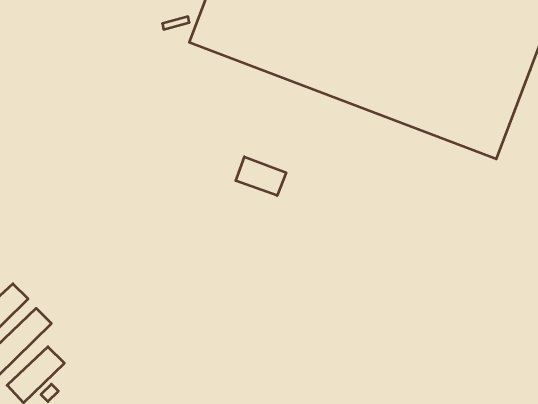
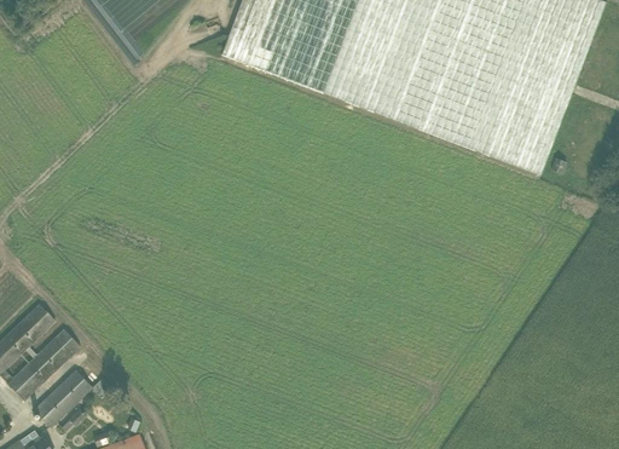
building: [236,157,286,196] -> none

